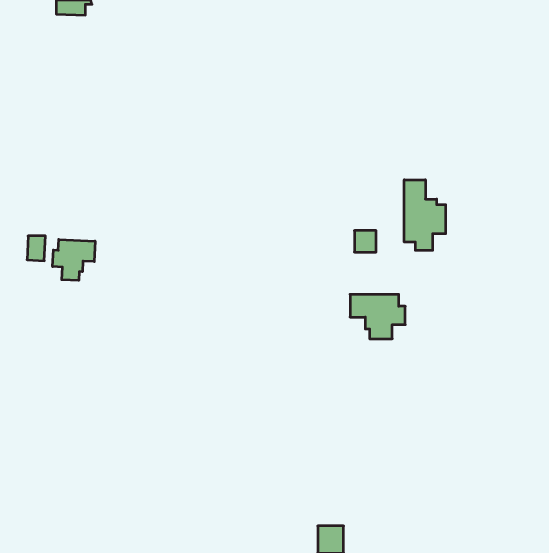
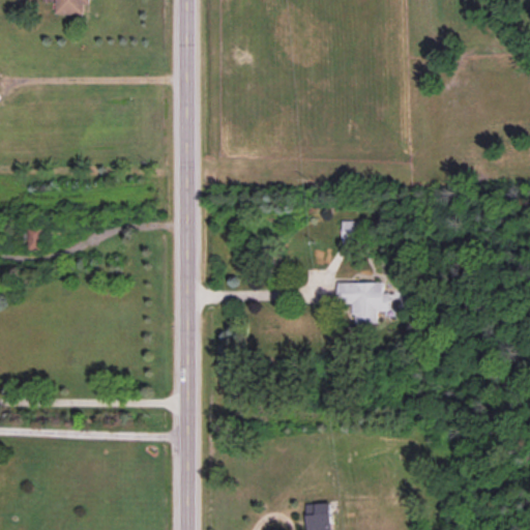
building: [404,180,446,250] -> none
building: [53,239,95,280] -> none

